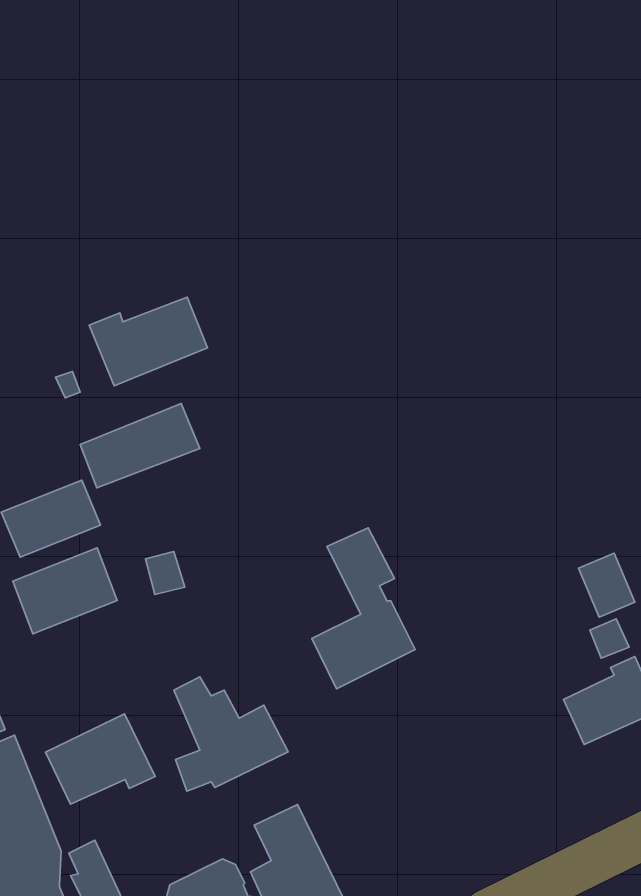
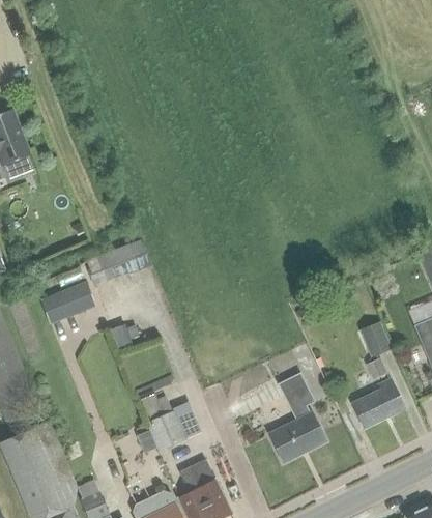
building: [89,297,207,386] -> none
building: [312,528,415,689] -> [269,373,326,462]
building: [13,548,117,634] -> none
building: [46,714,155,804] -> none

